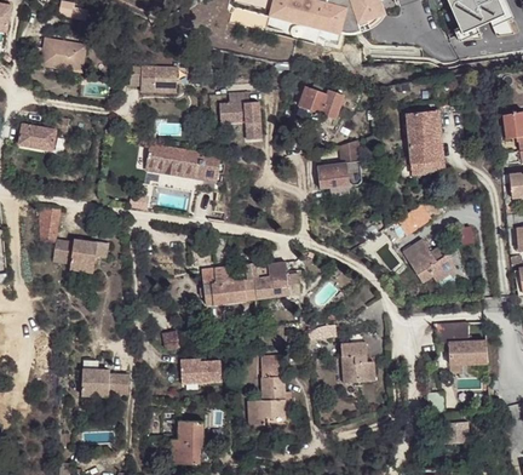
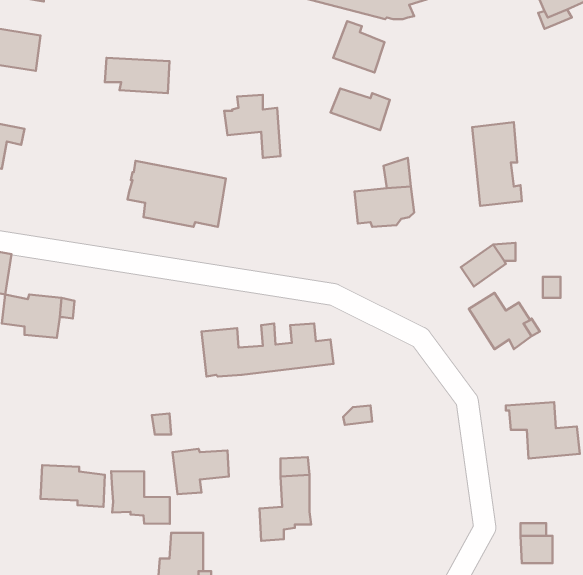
building: none -> [333,21,384,73]
building: [341,344,375,384] -> none
building: none -> [111,471,170,524]

